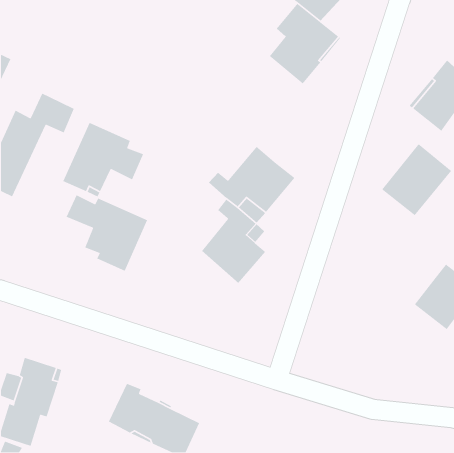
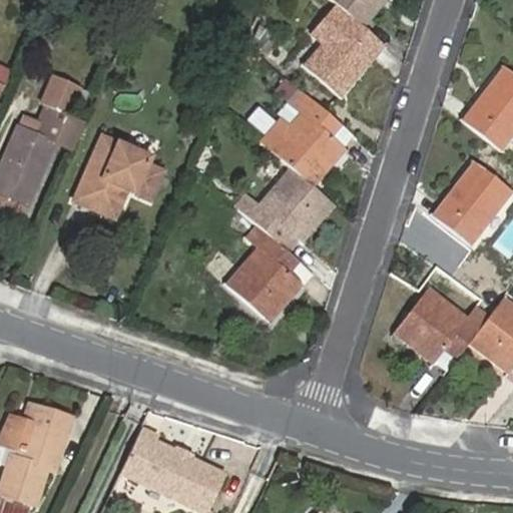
building: none -> [20,76,81,132]
building: none -> [259,76,354,182]
building: [66,194,148,272] -> none
building: none -> [394,288,488,361]

